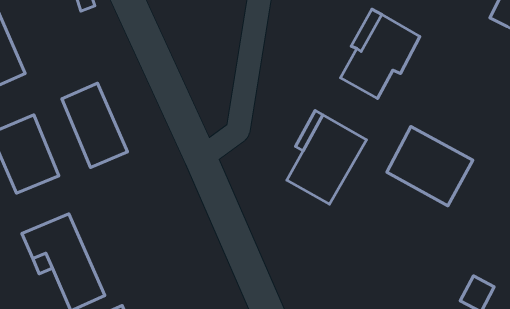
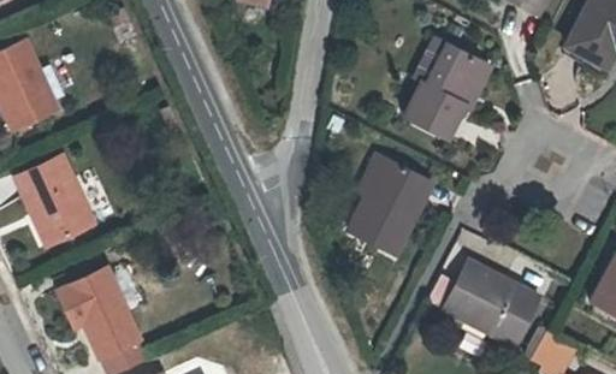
building: [62,83,127,167] -> none
building: [387,126,473,206] -> [444,260,539,348]

